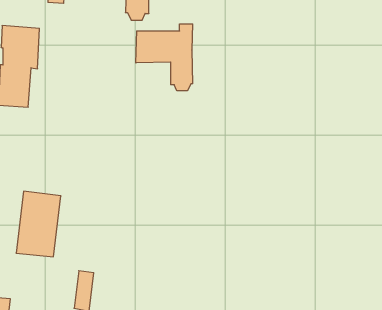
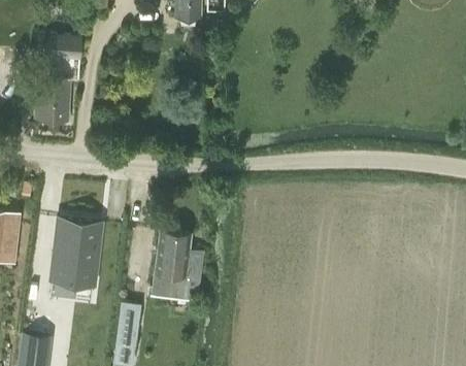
building: [136,24,193,91] -> none
building: none -> [152,233,199,305]

